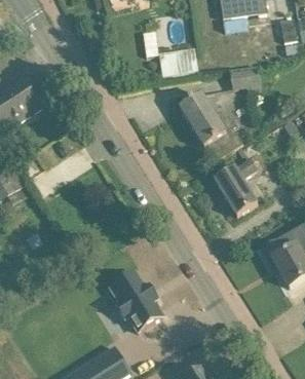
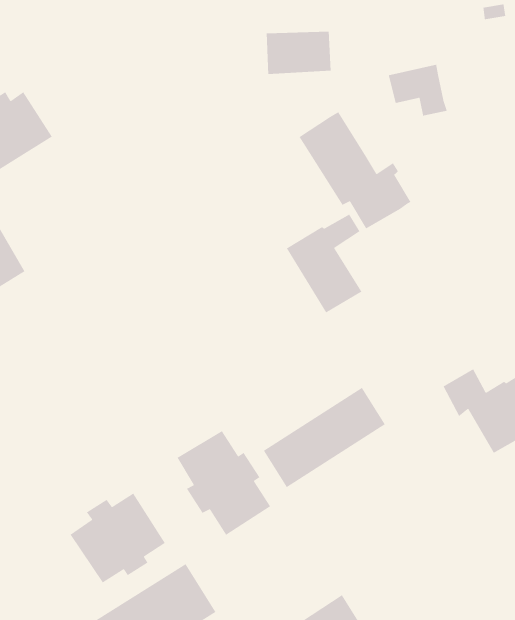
building: [214,158,257,215] -> [286,213,362,314]
building: none -> [263,387,386,488]
building: none -> [70,493,166,584]

